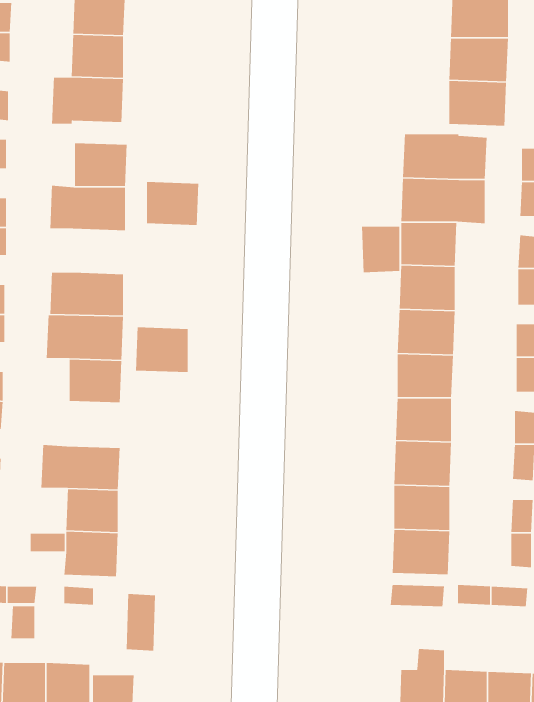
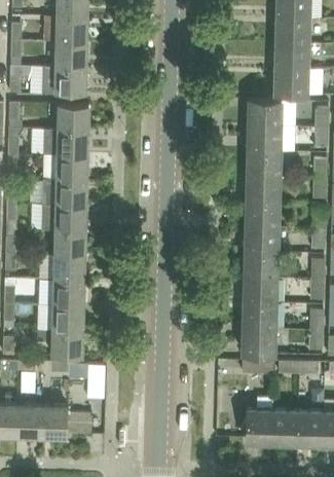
building: [146,181,199,226] -> [57,154,87,180]
building: [361,226,400,273] -> none
building: [135,327,188,373] -> [53,254,84,281]

